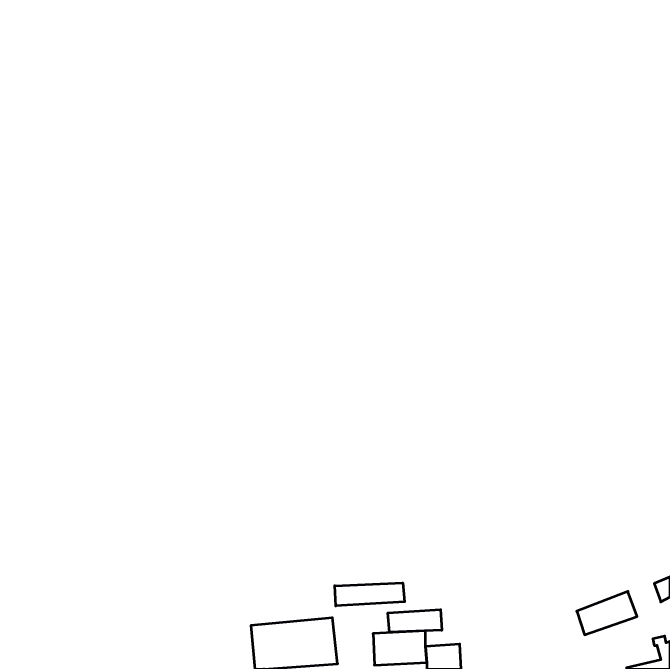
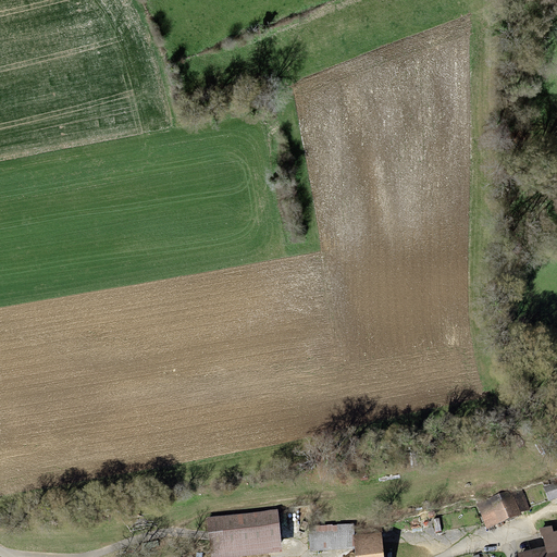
building: [335,583,405,606] -> none
building: [388,610,442,632] -> none

